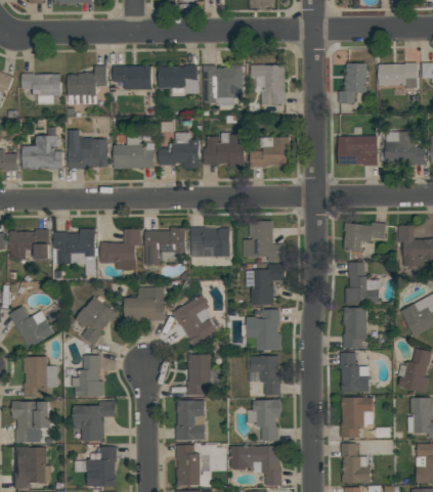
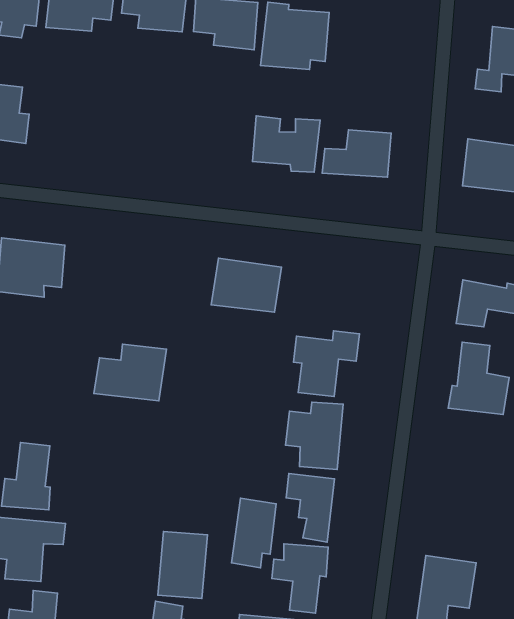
building: [251,64,287,104] -> none
building: [69,129,109,169] -> none
building: [160,142,200,168] -> none
building: [114,144,155,169] -> none
building: [244,221,285,262] -> none
building: [100,228,141,270] -> none
building: [144,229,186,265] -> none
building: [173,295,219,347] -> none
building: [76,297,117,345] -> none
building: [344,308,367,349] -> none
building: [341,353,370,393] -> none
building: [187,354,211,396] -> [231,498,276,568]

